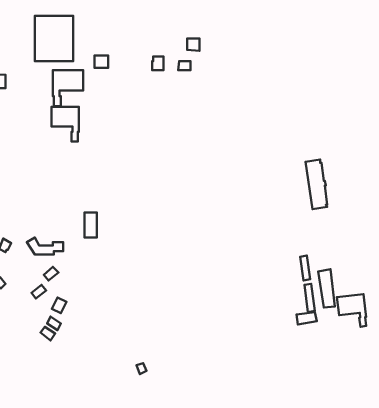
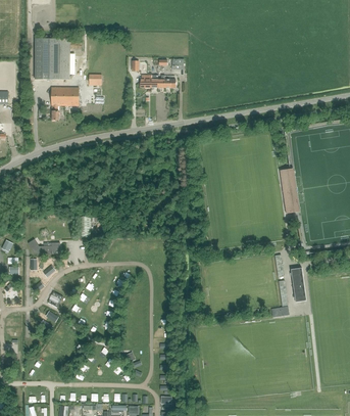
building: [51,107,79,142] -> none
building: [337,294,366,327] -> none

